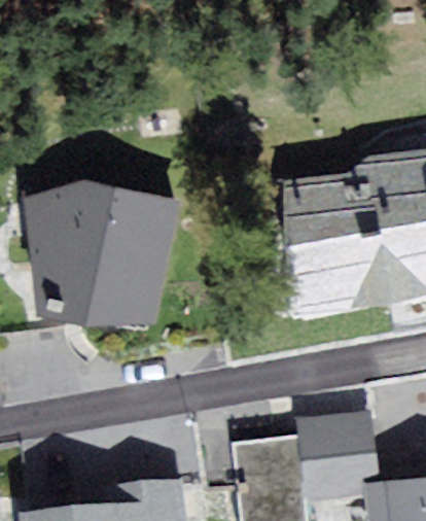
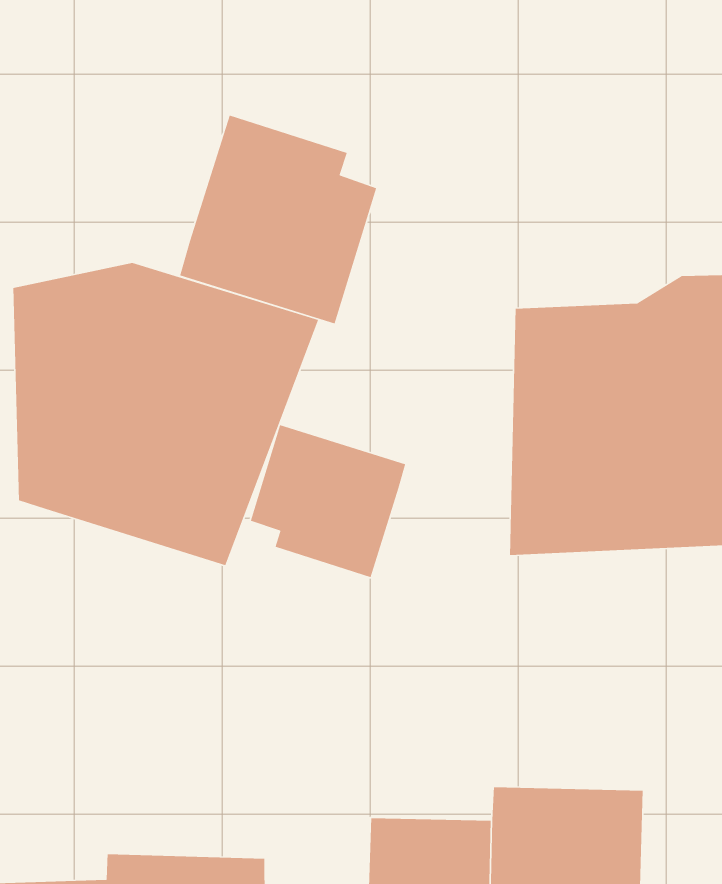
building: none -> [179,114,377,324]
building: none -> [250,424,406,578]

